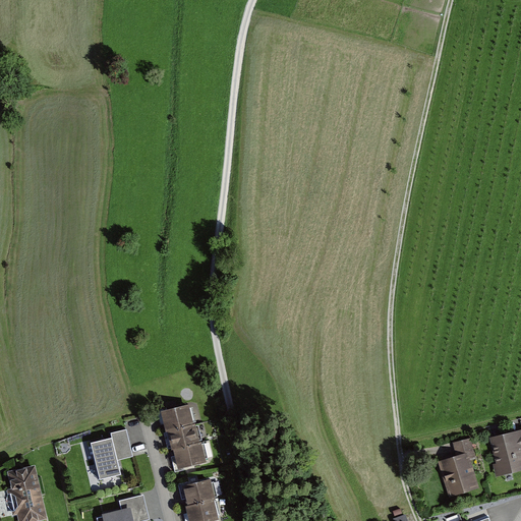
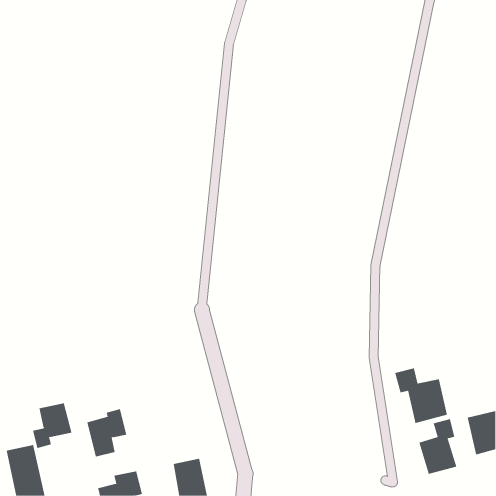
building: none -> [394,368,448,424]
building: [160,404,206,470] -> none
building: none -> [33,402,72,449]

